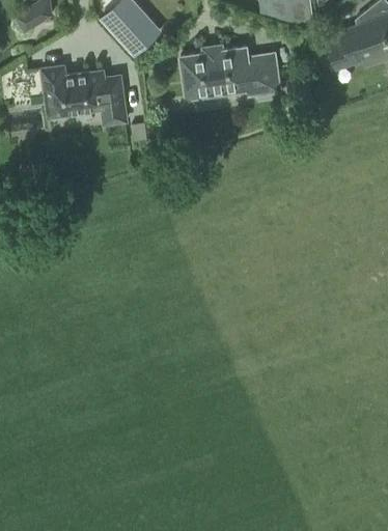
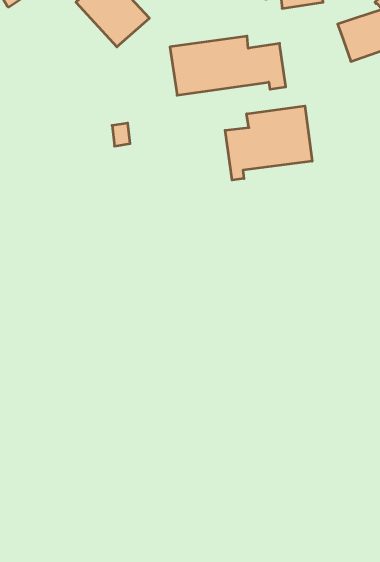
building: [41,65,126,123] -> none
building: none -> [225,106,312,180]

